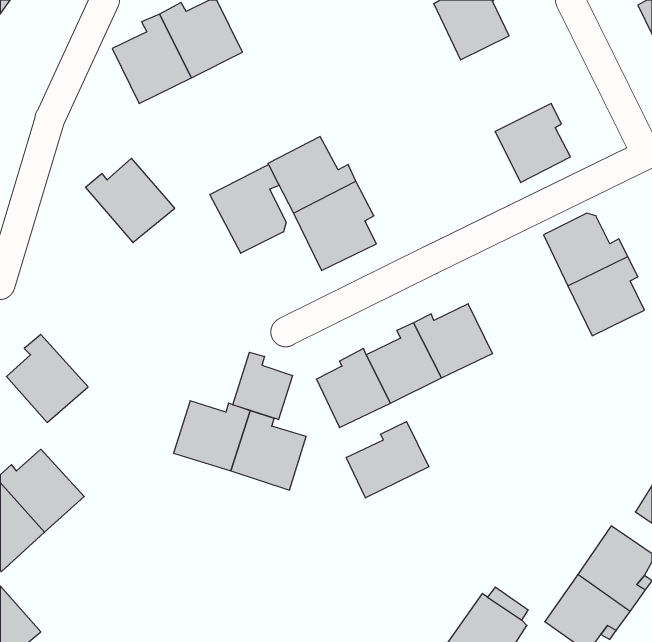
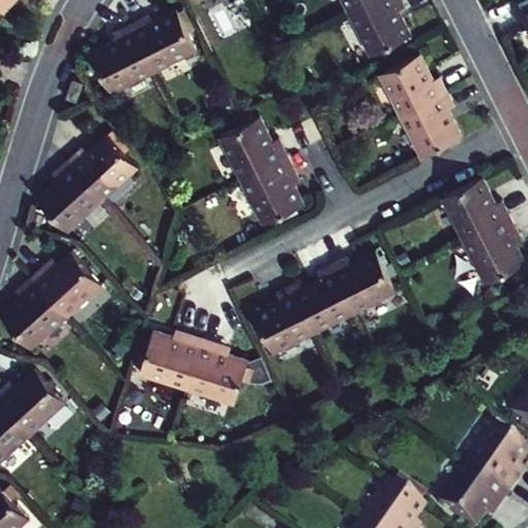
building: none -> [381,57,446,114]
building: [210,164,286,253] -> none
building: none -> [38,160,107,235]
building: none -> [33,251,107,321]
building: [233,352,293,420] -> none
building: [346,422,429,498] -> none

